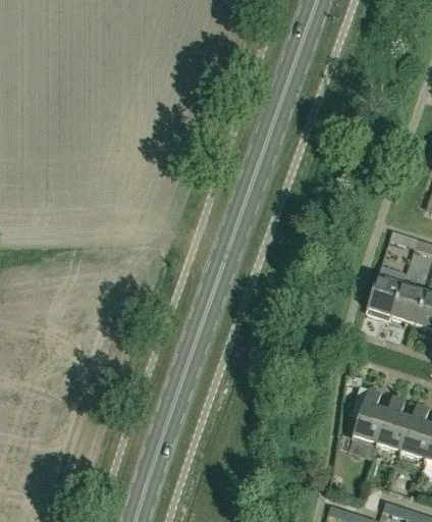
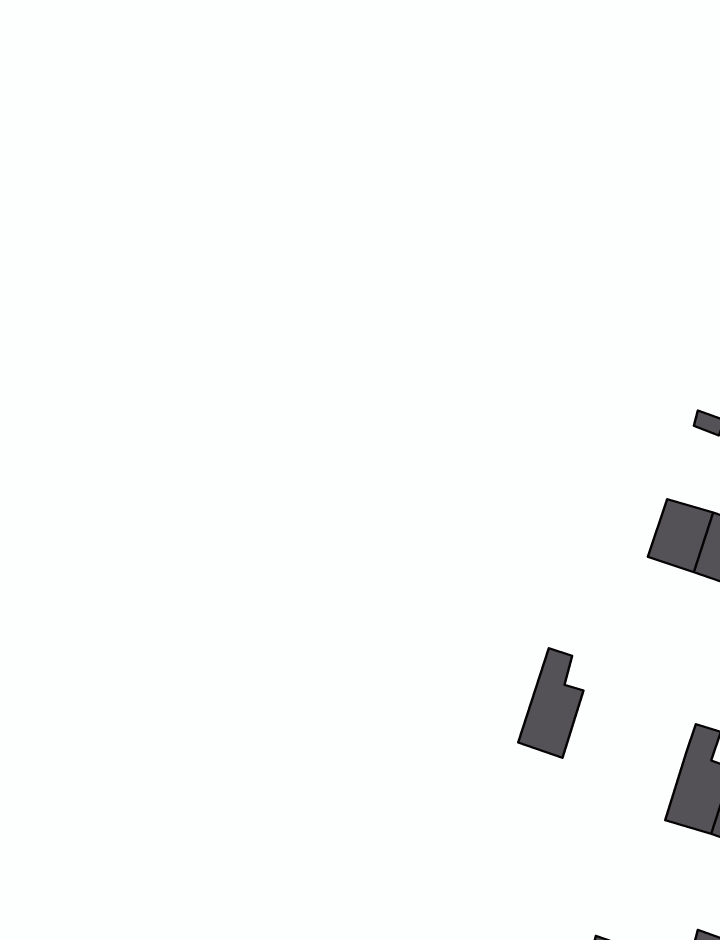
building: [353,385,387,443] -> [518,648,584,758]

